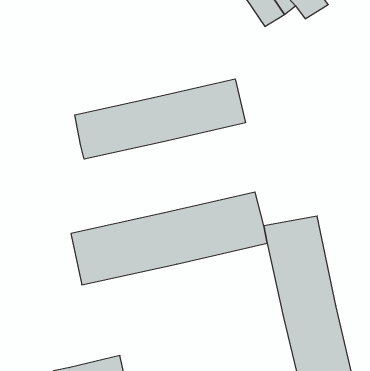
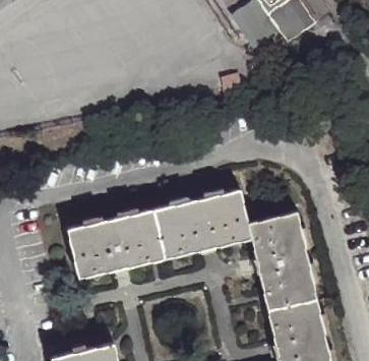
building: [75,79,245,159] -> none

